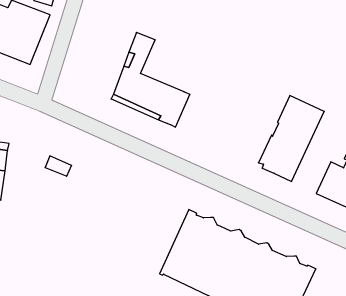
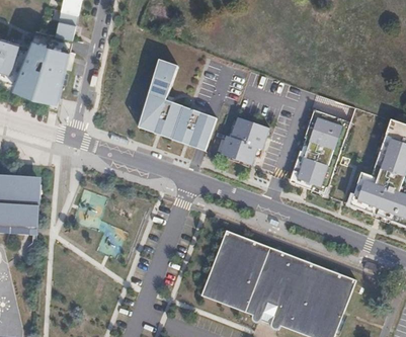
building: none -> [219,117,265,163]

